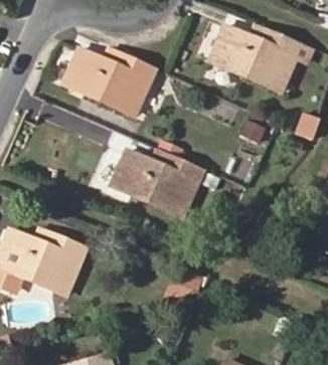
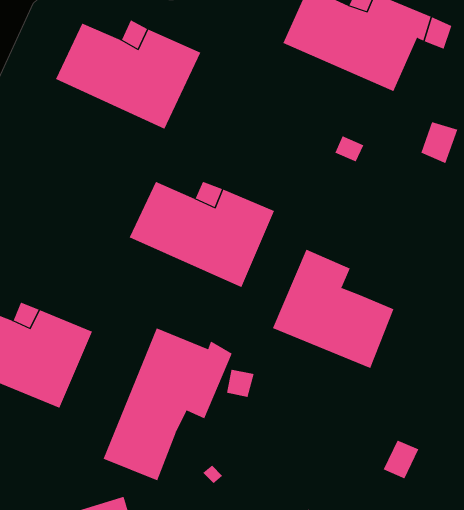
building: none -> [272,249,394,369]
building: none -> [103,328,233,481]

